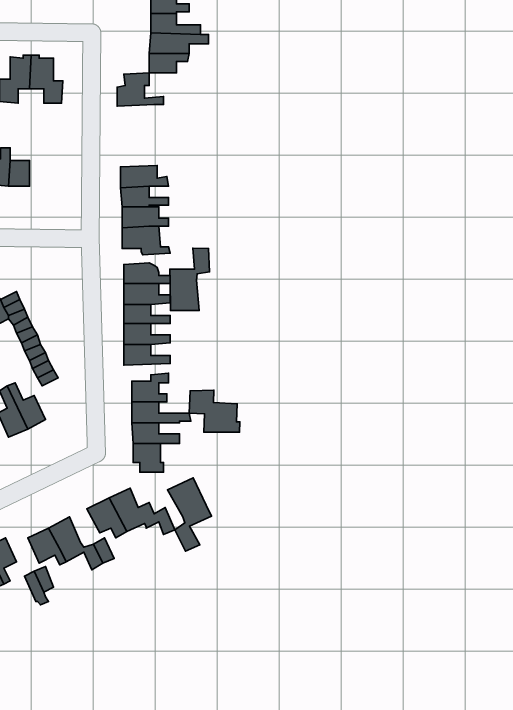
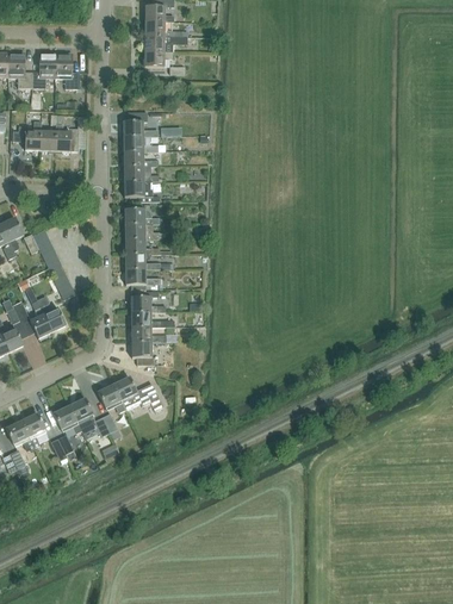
building: [117,73,164,106] -> [123,111,157,136]
building: none -> [55,124,79,151]
building: [170,248,209,310] -> none
building: [189,390,240,432] -> none
building: [167,478,212,551] -> none

